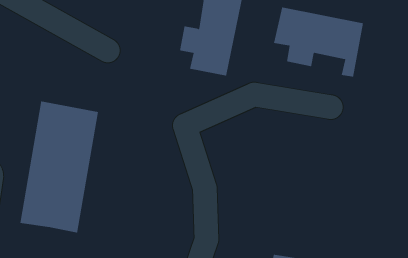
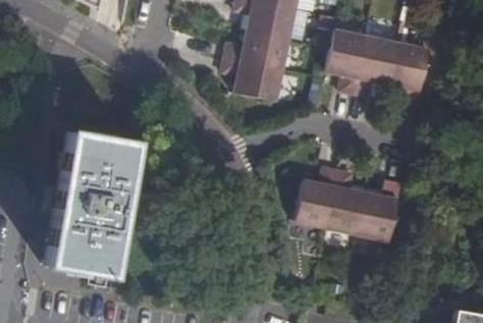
building: none -> [297,169,403,237]

